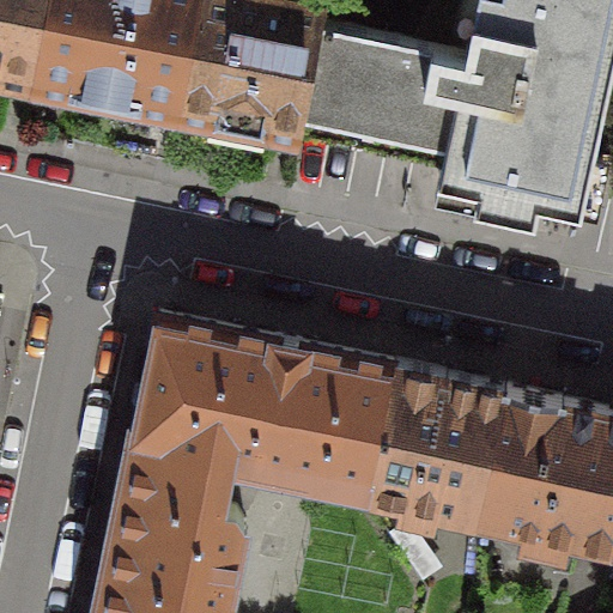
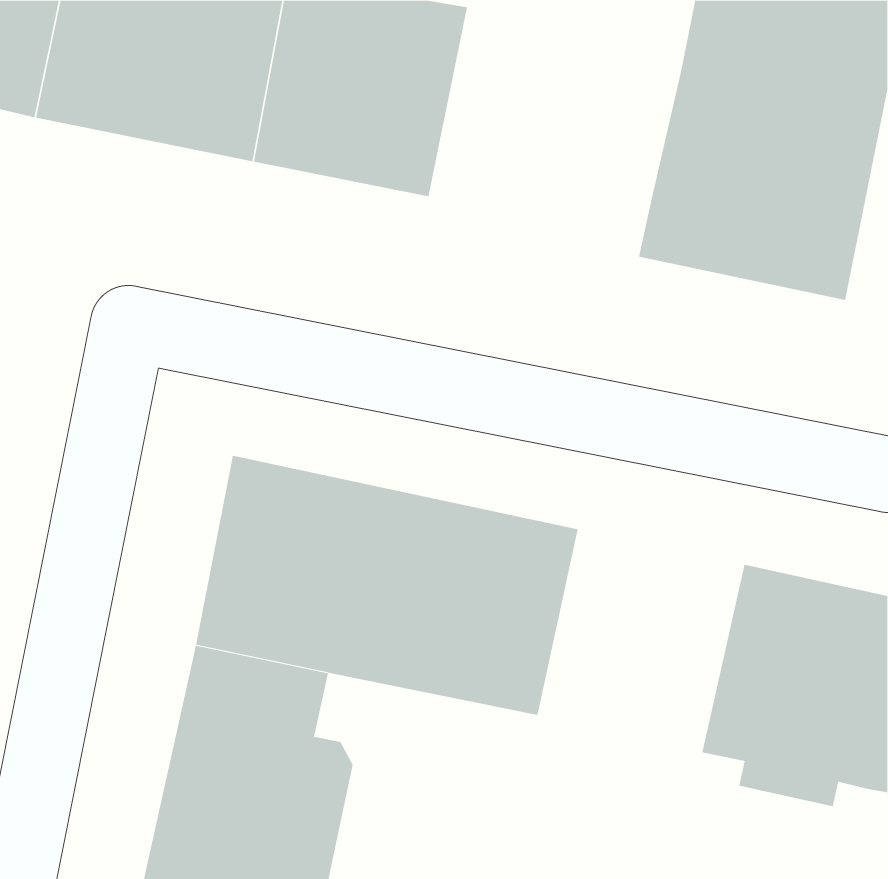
building: [303,30,463,150] -> none
building: [366,374,506,529] -> none

